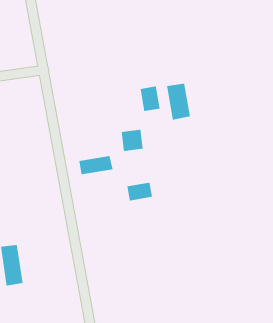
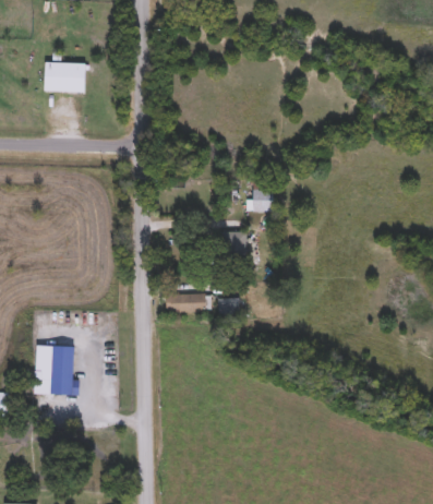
building: [166,83,191,120] -> none
building: [78,155,113,175] -> [165,295,205,312]

